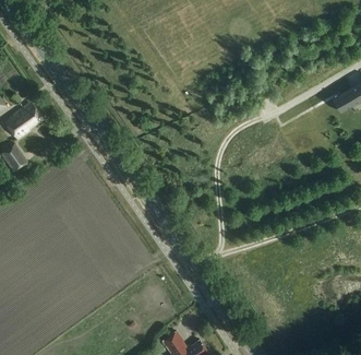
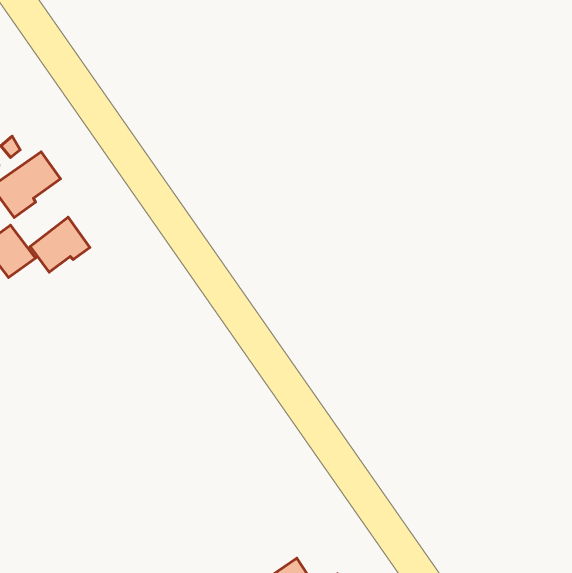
building: none -> [30,217,90,272]

